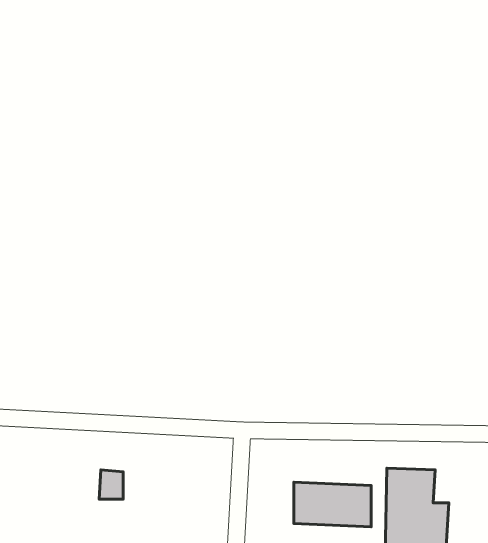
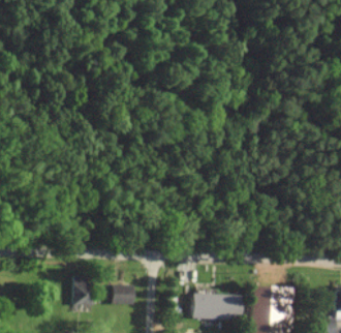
building: none -> [115,284,137,303]

